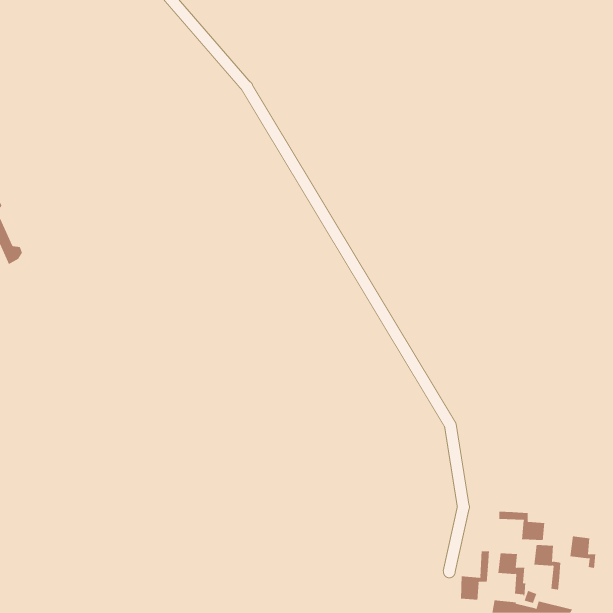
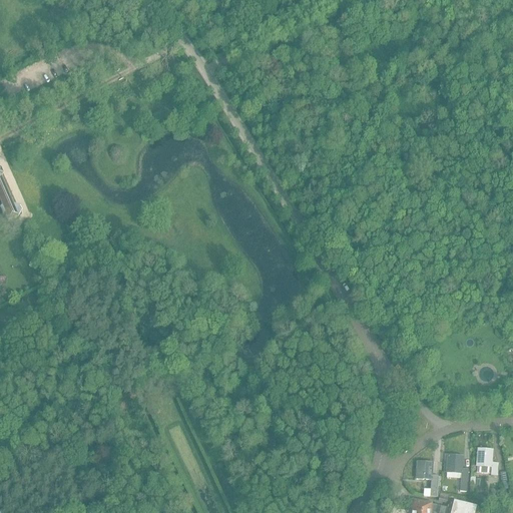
building: [499,511,545,541] -> none
building: [460,551,489,601] -> none

